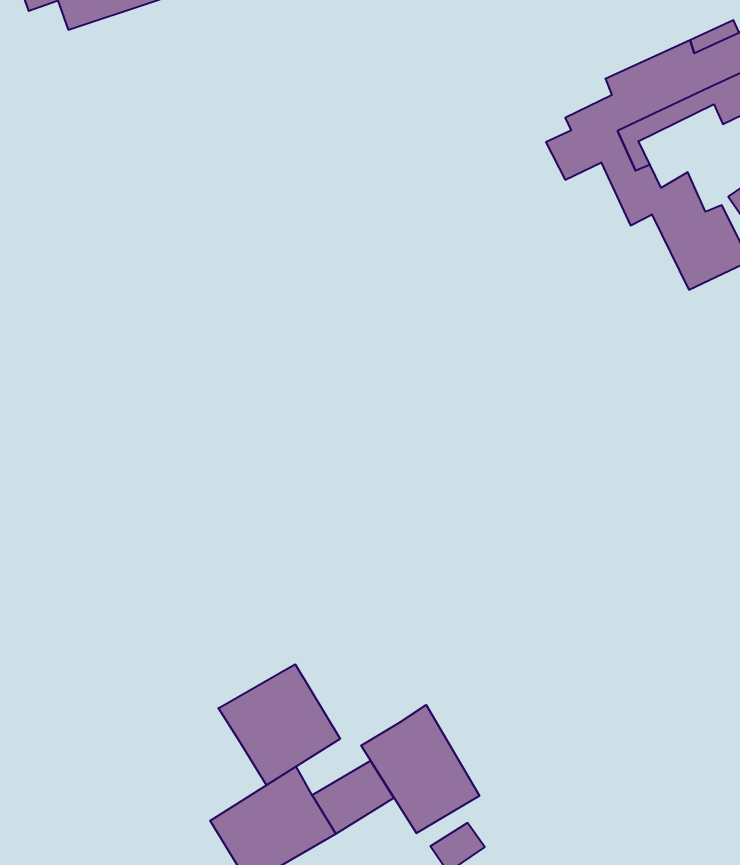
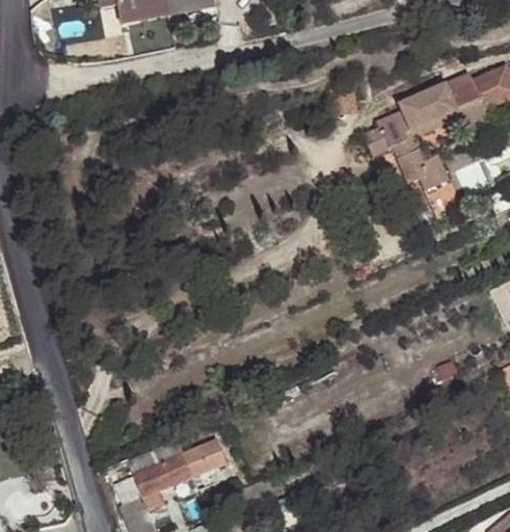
building: [218,664,340,785] -> none
building: [361,705,479,833] -> none

